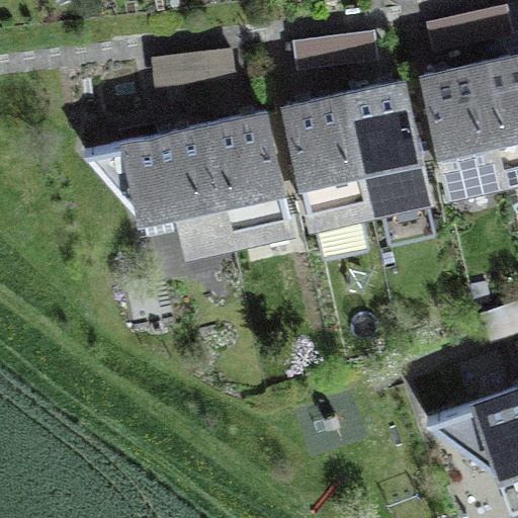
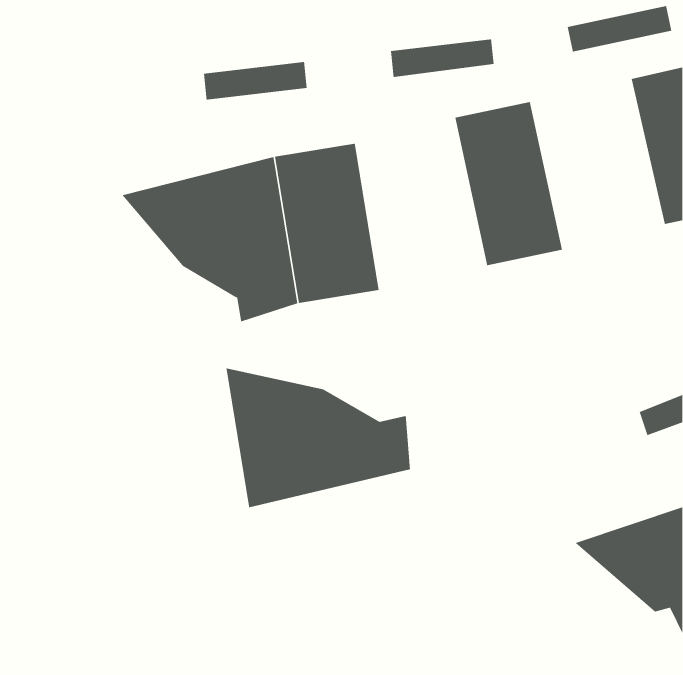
building: [424,66,503,189] -> none
building: [279,95,368,221] -> none
building: none -> [226,367,411,508]

